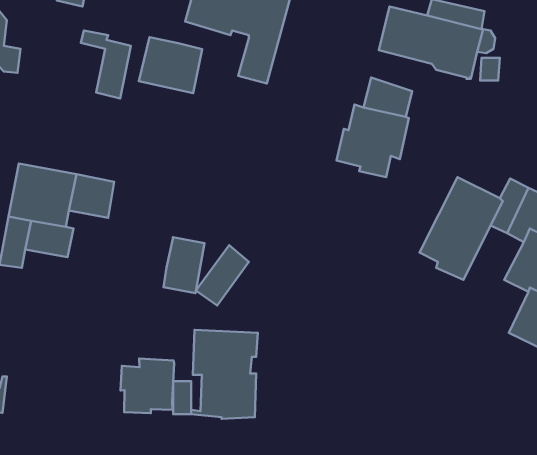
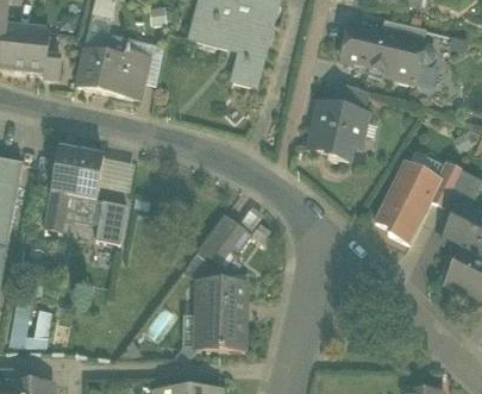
building: [139,37,202,93] -> [77,50,127,94]
building: [164,237,204,293] -> [95,200,127,244]
building: [121,359,174,413] -> none

